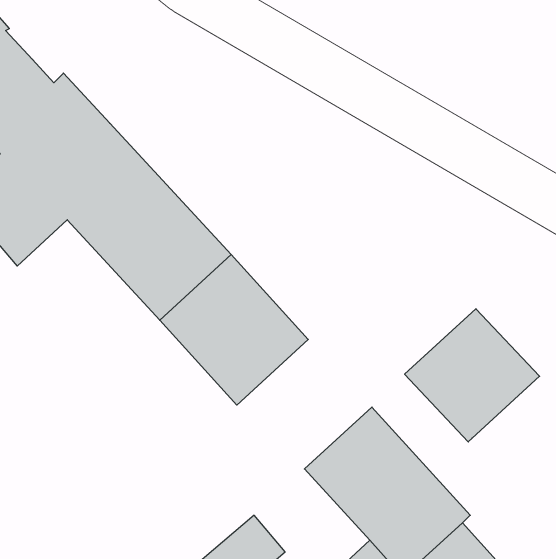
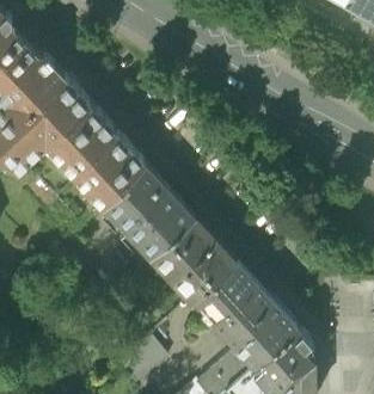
building: [405,309,540,442] -> [153,220,237,302]

